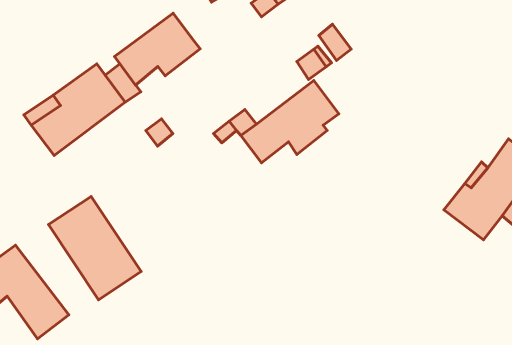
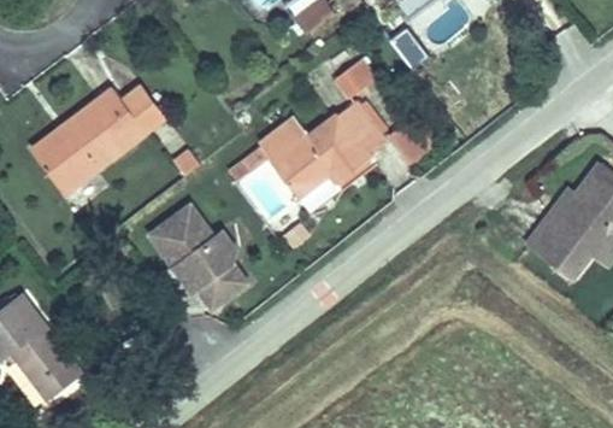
building: [115,13,200,85] -> none
building: [48,196,141,300] -> [131,204,238,323]

